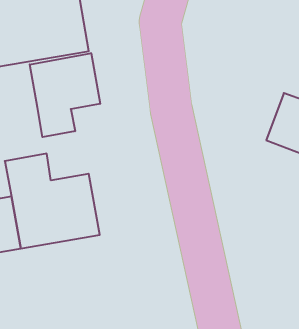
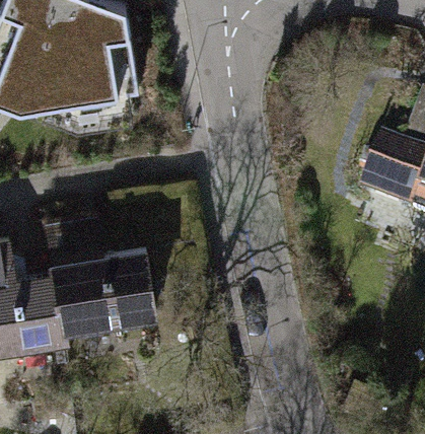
building: [30,53,100,137] -> none

